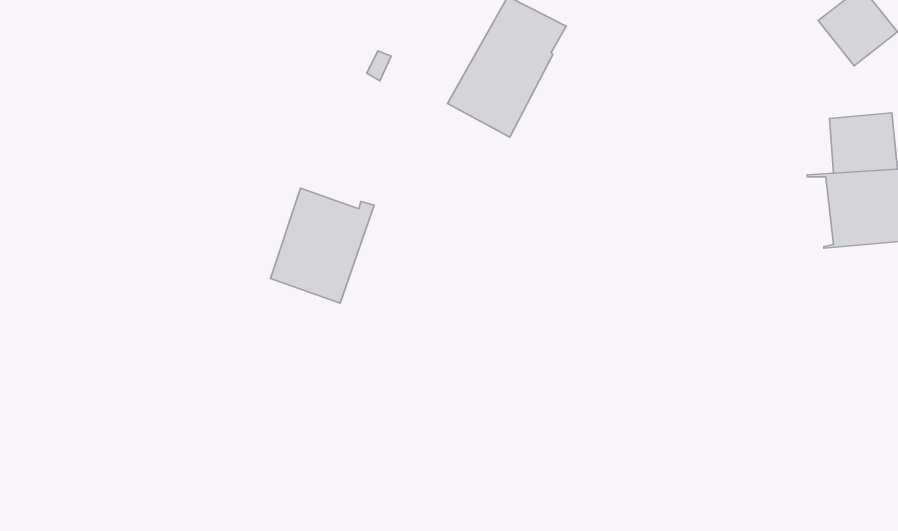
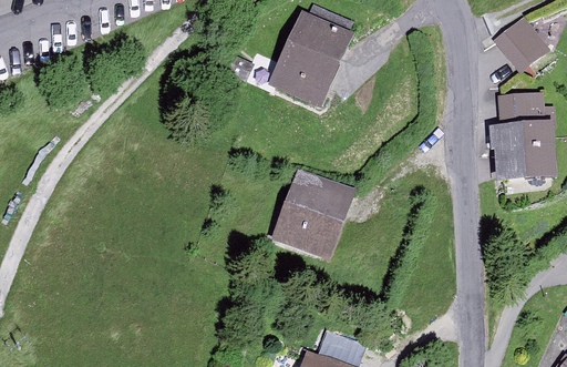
building: [271,188,374,303] -> [279,183,340,251]

